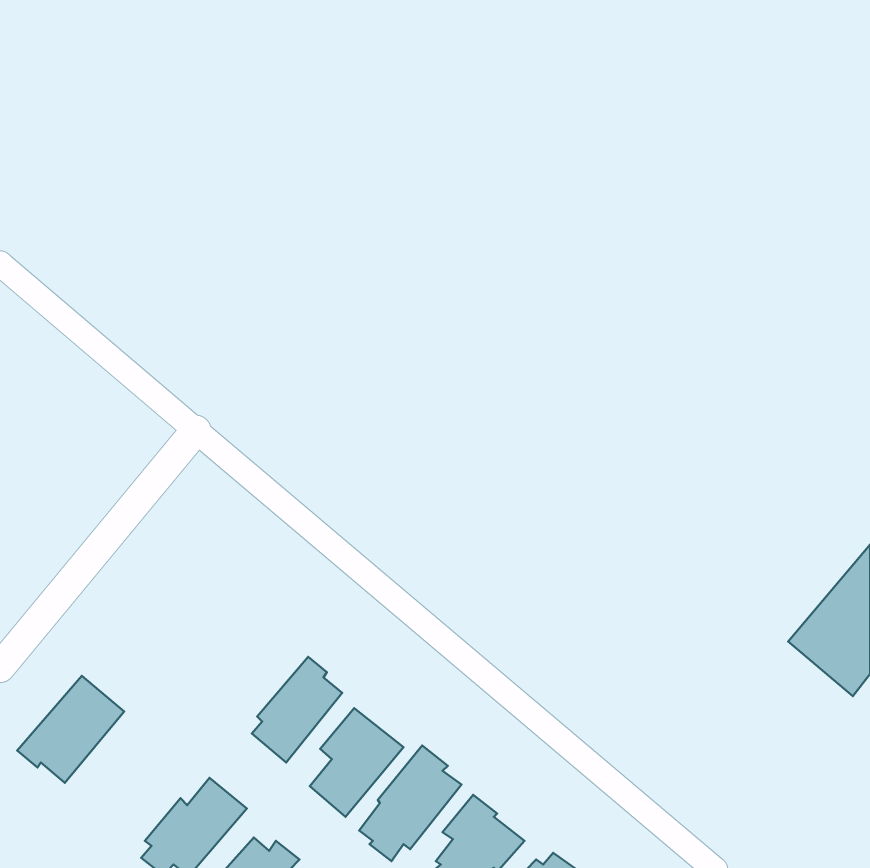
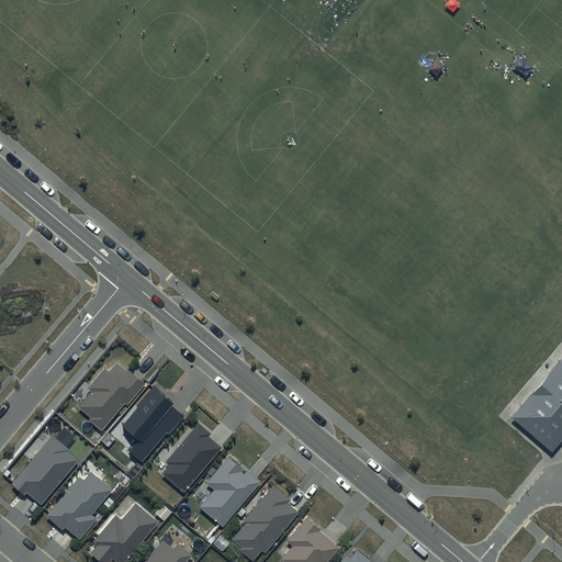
building: none -> [78,364,145,431]
building: none -> [125,386,181,460]
building: none -> [47,473,113,540]

